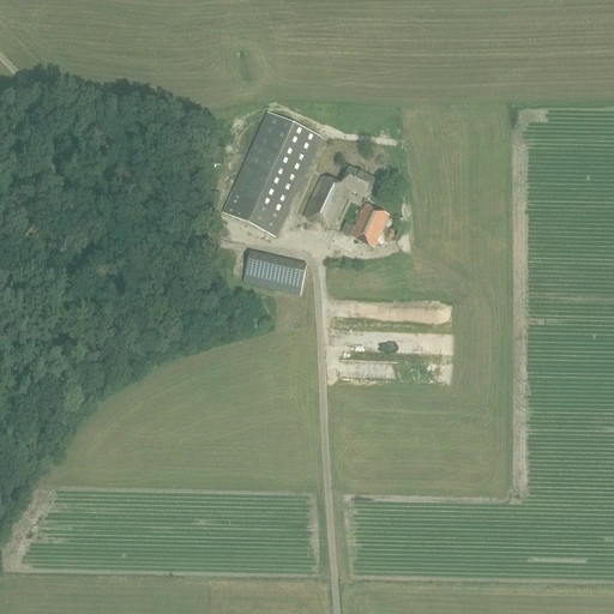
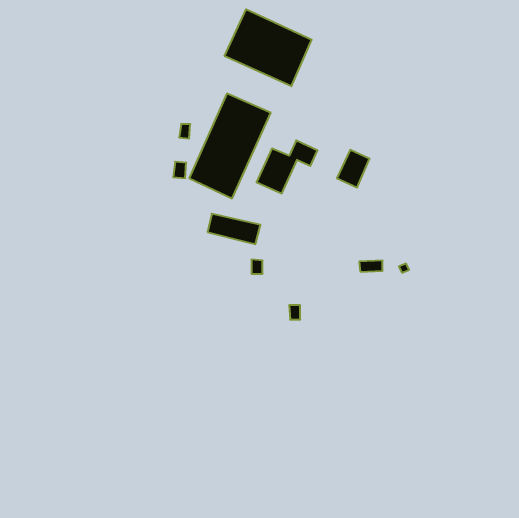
building: none -> [225,9,312,86]
building: [349,203,387,247] -> [337,150,370,187]

